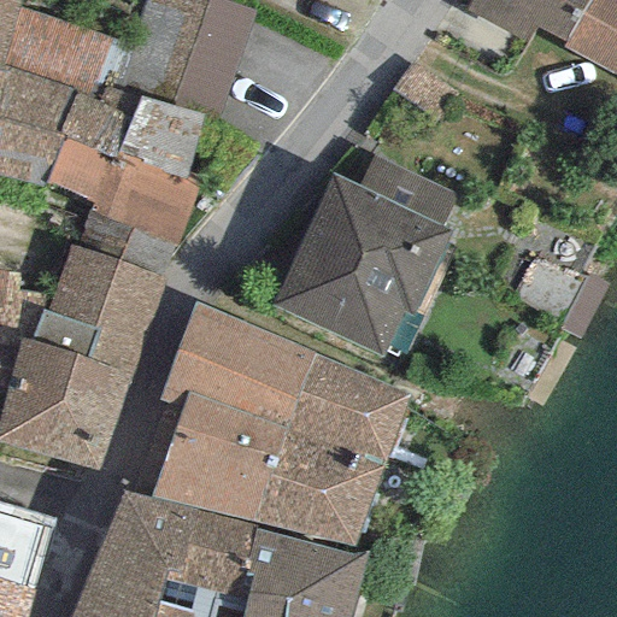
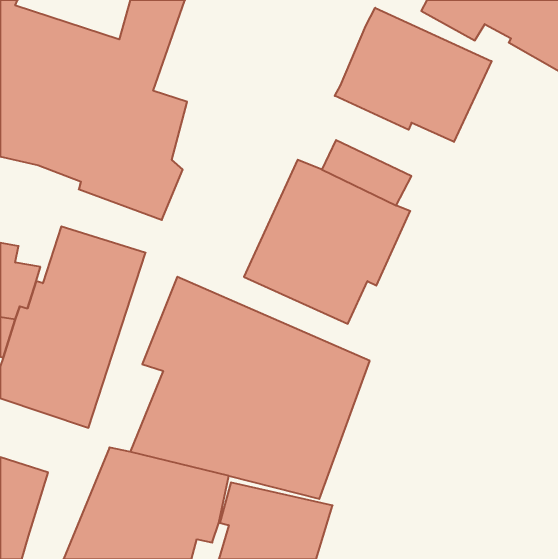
building: none -> [335,8,492,142]

